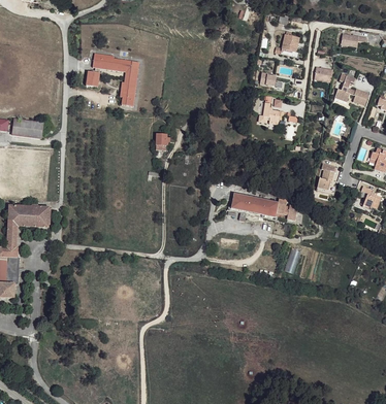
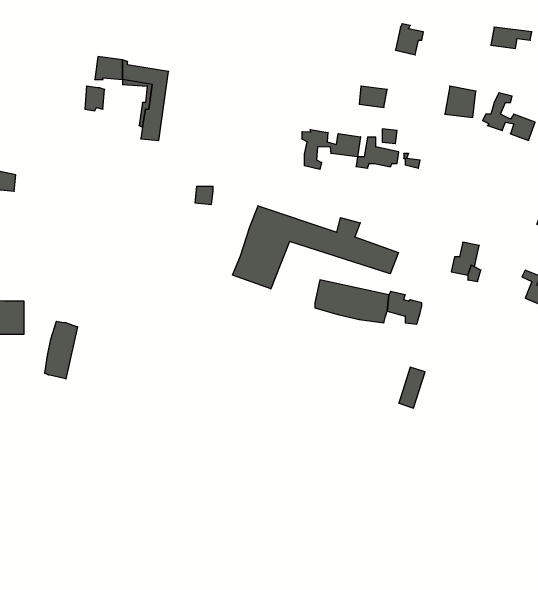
building: none -> [302,130,360,169]
building: none -> [233,206,398,289]
building: none -> [45,321,78,379]

